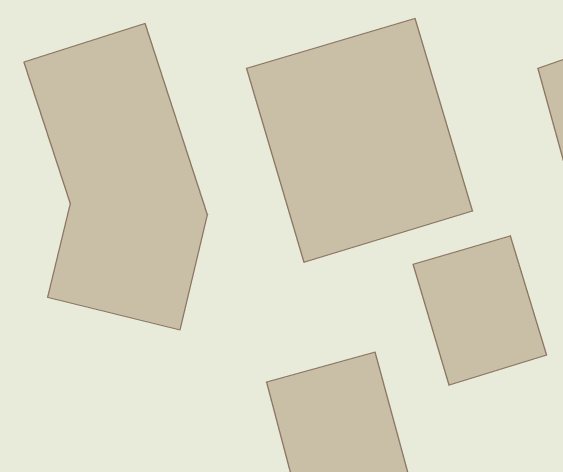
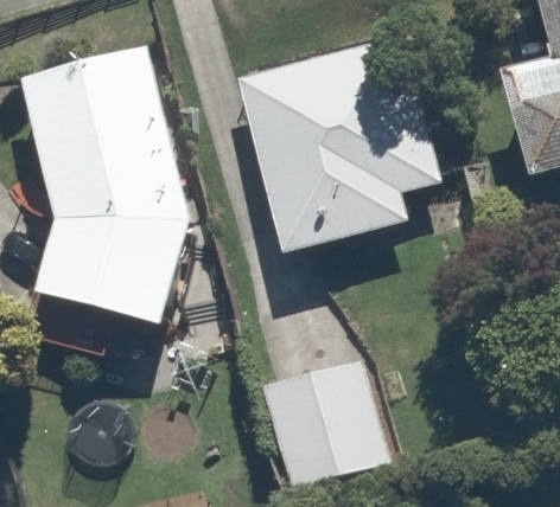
building: [413,236,546,385] -> none

